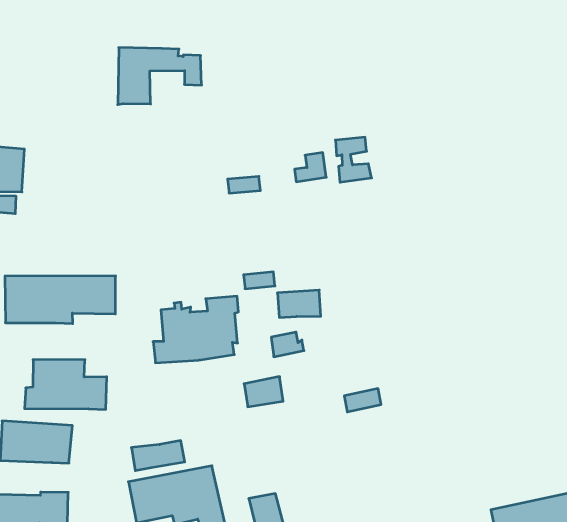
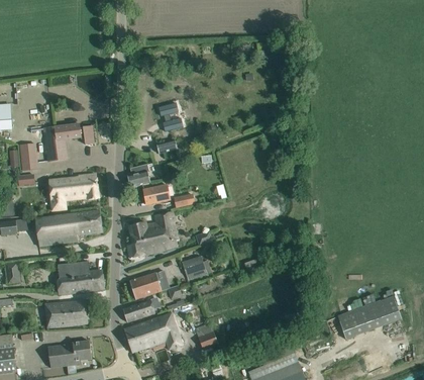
building: [118,48,202,105] -> [43,123,95,161]
building: [335,137,372,182] -> [158,102,183,130]
building: none -> [127,163,149,187]
building: none -> [48,173,98,210]
building: [277,290,321,317] -> [142,184,170,203]
building: none -> [129,272,161,298]

